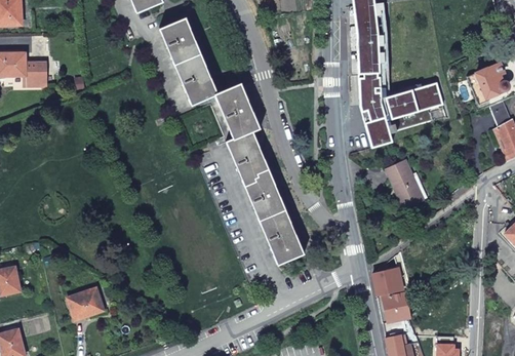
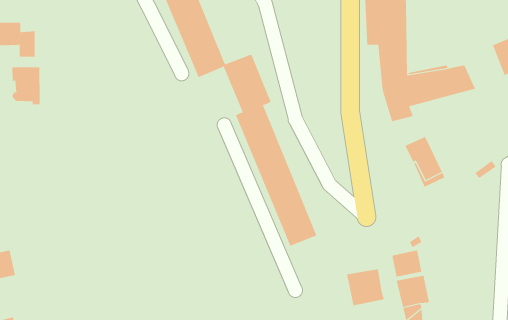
building: none -> [12,67,40,105]
building: none -> [346,269,384,306]
building: [67,287,103,319] -> none

